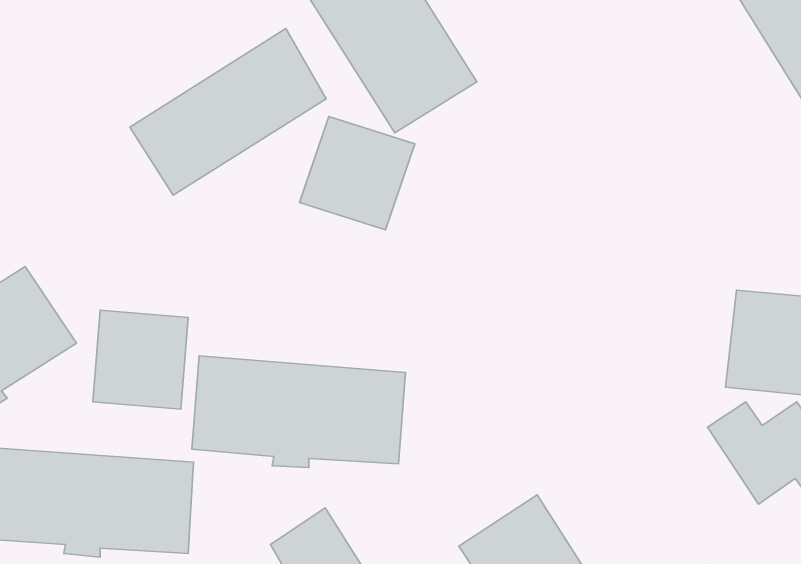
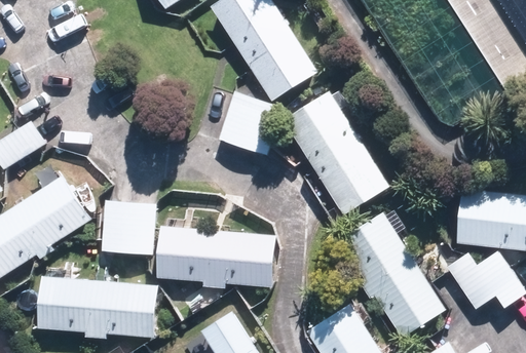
building: [130,29,326,195] -> none
building: none -> [281,91,389,215]
building: none -> [337,211,445,338]

